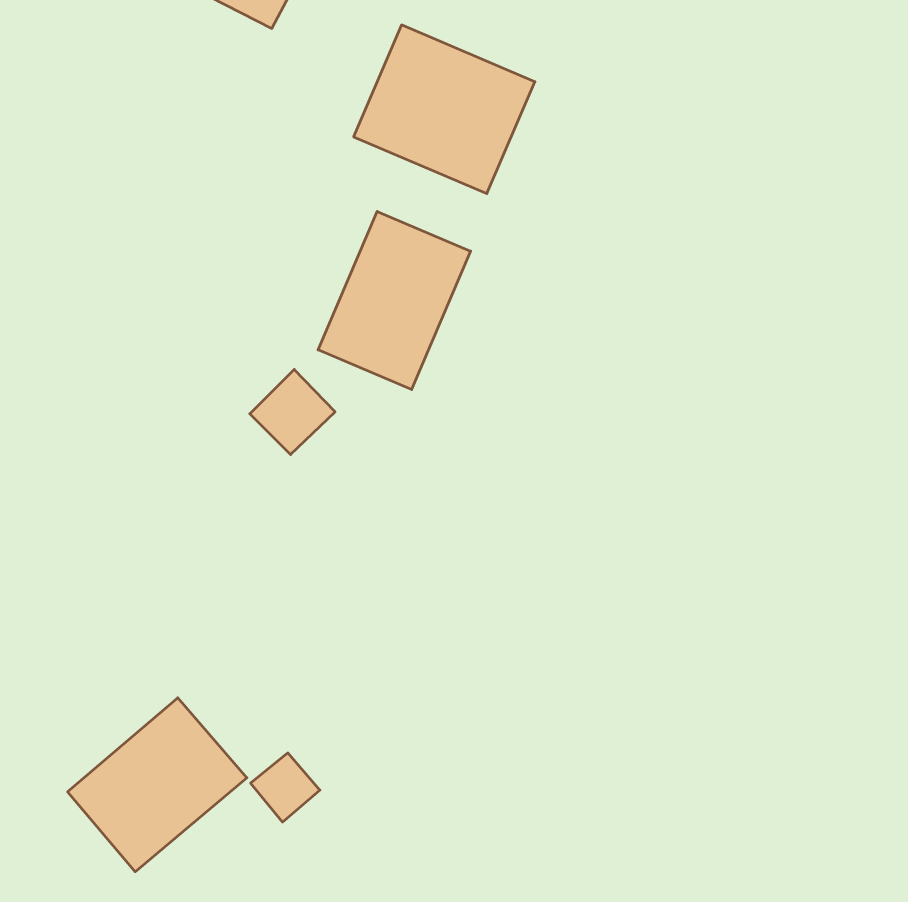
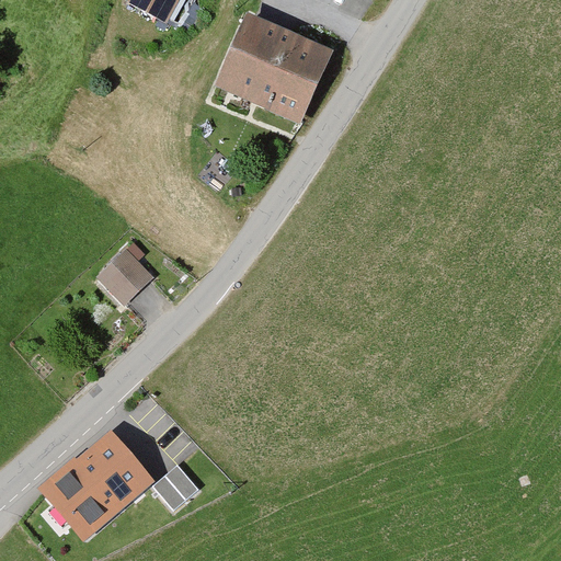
building: [318,211,471,390] -> none
building: [250,369,335,455] -> [99,249,151,301]

